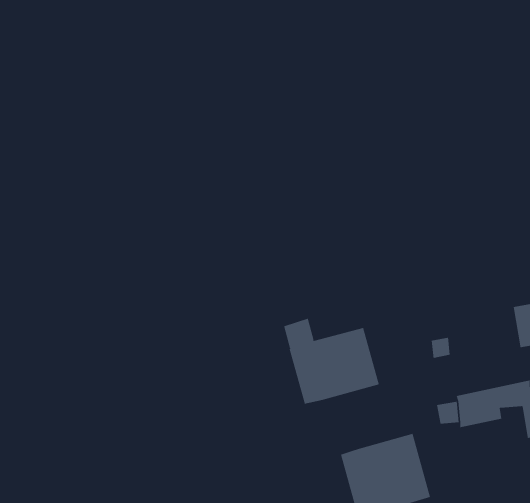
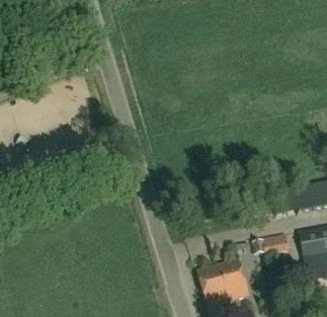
building: [284,318,379,405] -> none

